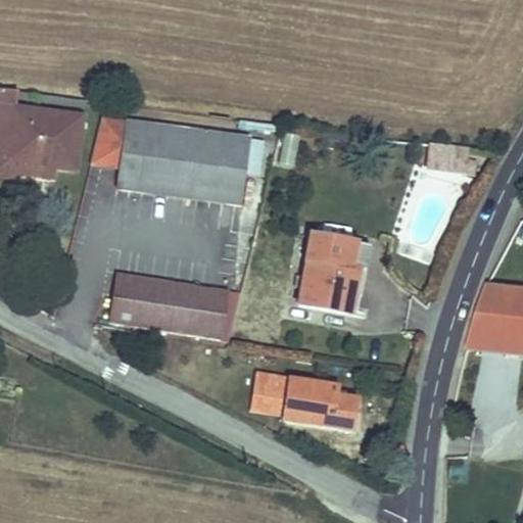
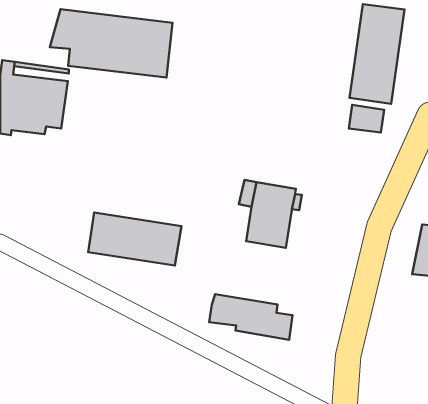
building: none -> [349,4,405,104]
building: [95,125,244,207] -> [50,9,173,78]
building: [469,281,515,346] -> none

